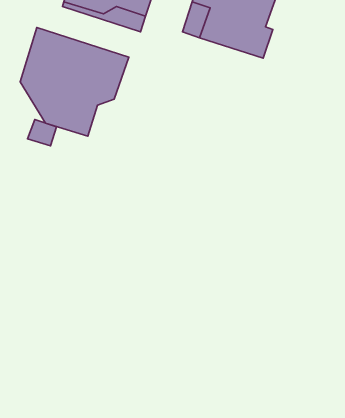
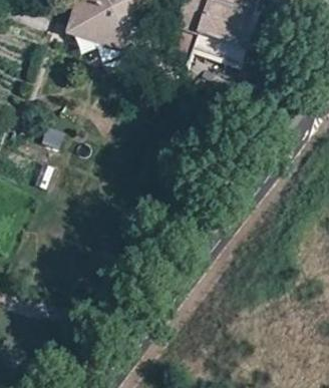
building: [20,28,129,136] -> none

